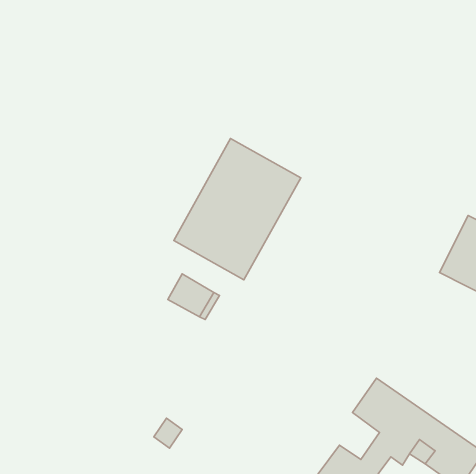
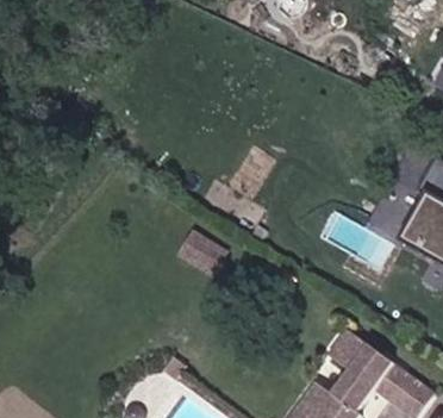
building: [174,139,301,280] -> none

